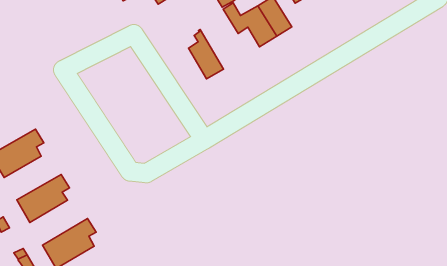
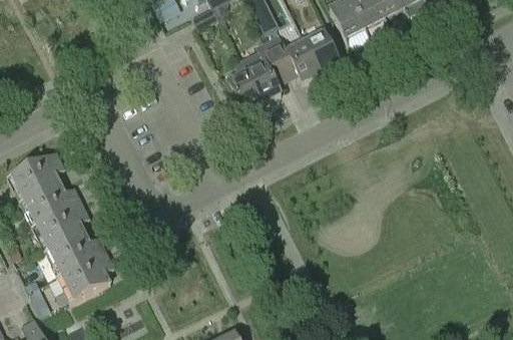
building: none -> [240,38,282,102]
building: none -> [20,182,81,227]
building: none -> [44,231,106,277]

